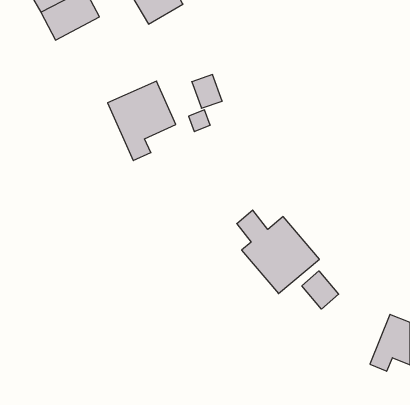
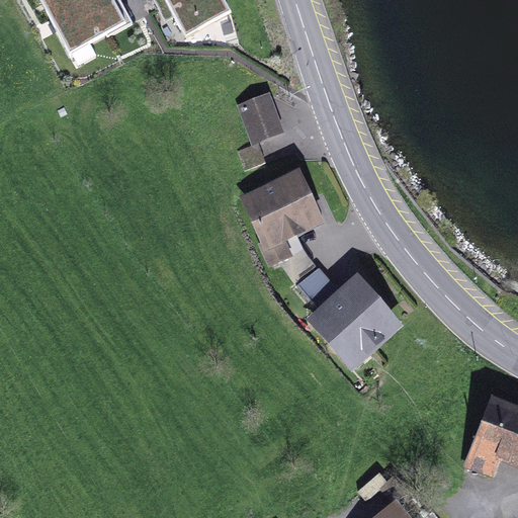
building: [108,81,176,161] -> [238,168,324,268]
building: [302,271,339,309] -> none

